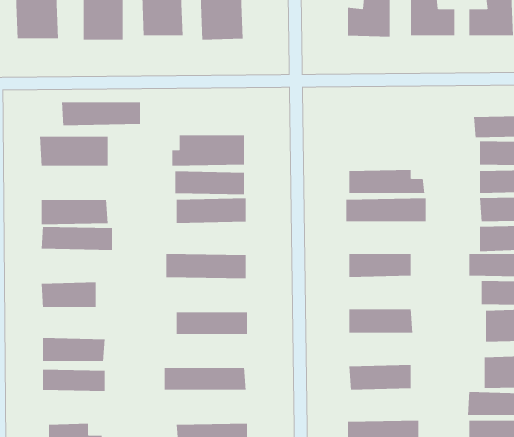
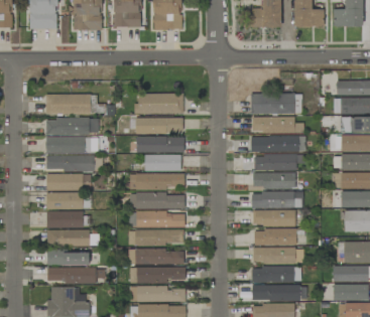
building: [61,102,141,126] -> [44,119,98,135]
building: none -> [250,94,301,115]
building: none -> [144,155,180,171]
building: none -> [253,155,303,171]
building: none -> [45,174,91,191]
building: none -> [251,192,300,208]
building: none -> [135,193,183,209]
building: none -> [45,211,83,228]
building: none -> [253,228,296,246]
building: none -> [128,229,182,246]
building: none -> [129,267,184,283]
building: none -> [250,267,300,283]
building: none -> [46,268,95,283]

